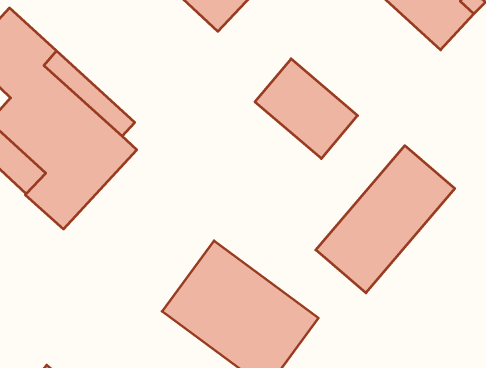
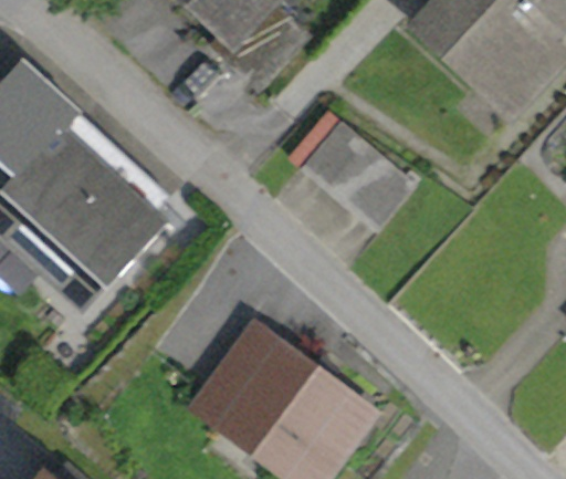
building: [316,146,455,293] -> none

